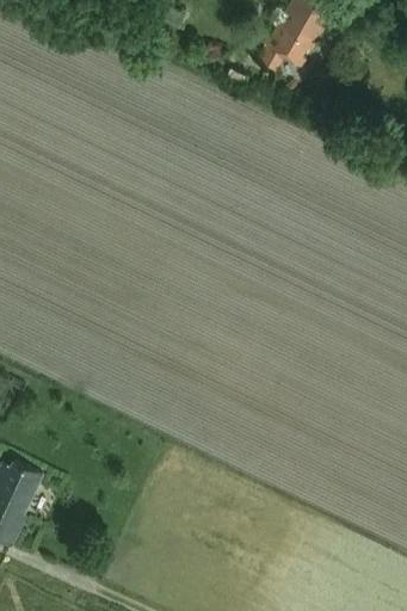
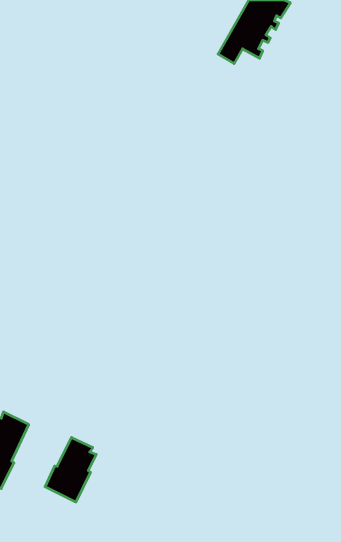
building: none -> [45,437,96,502]

